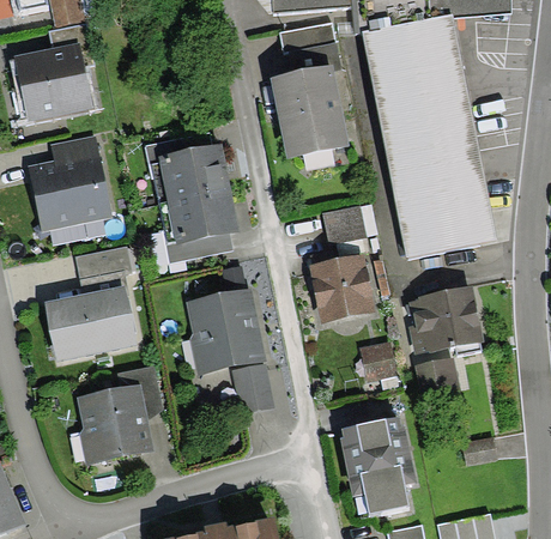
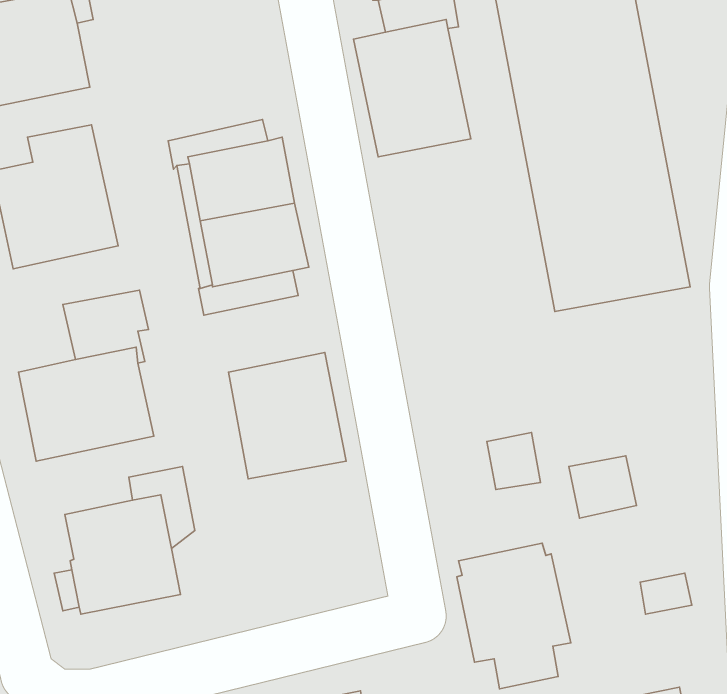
building: [322,206,365,246] -> none
building: [309,254,377,325] -> none
building: [407,286,483,356] -> none
building: [230,363,274,416] -> none

